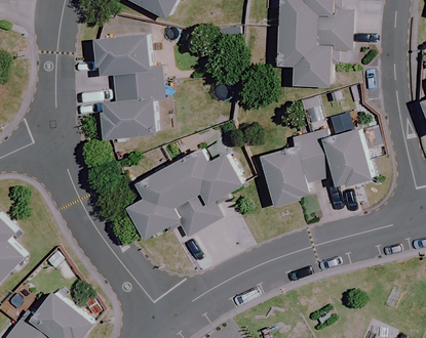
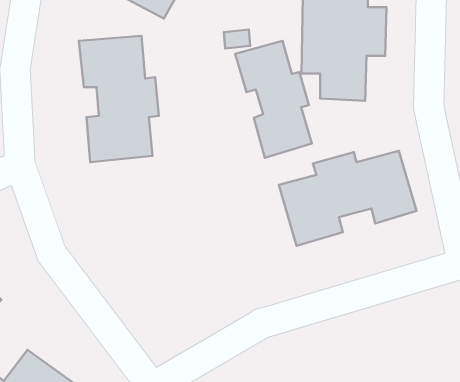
building: none -> [235,41,312,158]
building: [126,149,243,241] -> none

